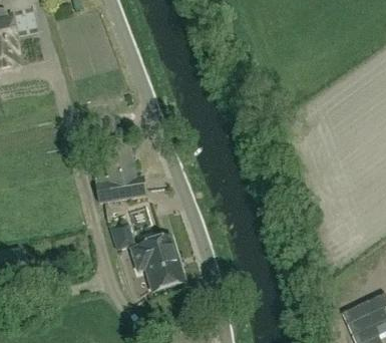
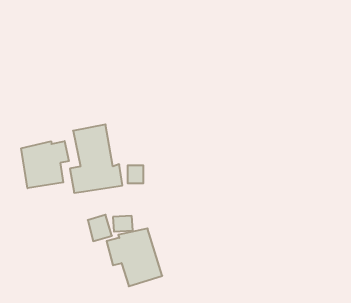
building: none -> [21,141,69,188]

